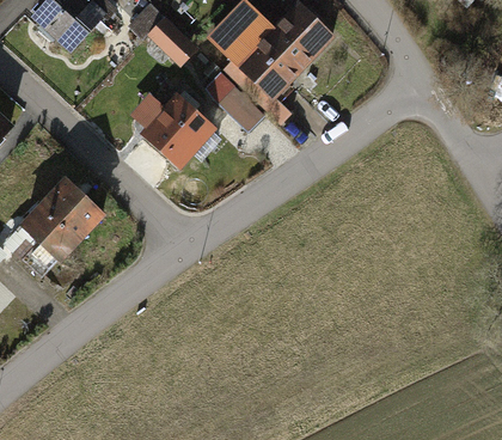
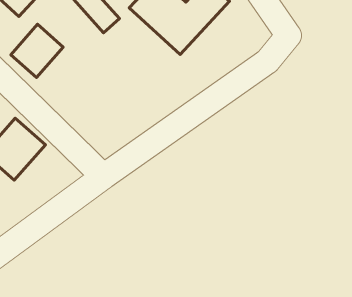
building: [202,71,267,132] -> none
building: [140,98,206,165] -> [11,24,63,78]

